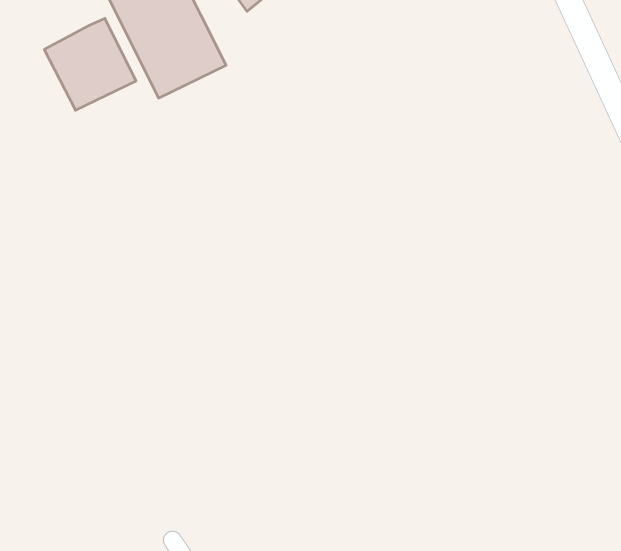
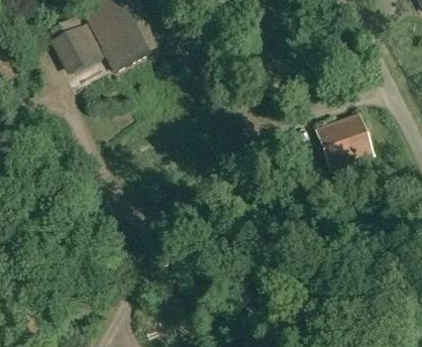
building: none -> [316,115,375,171]

